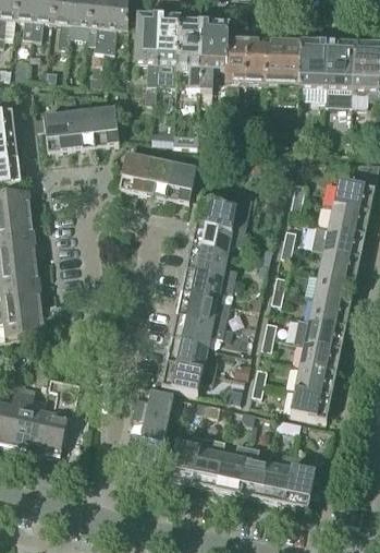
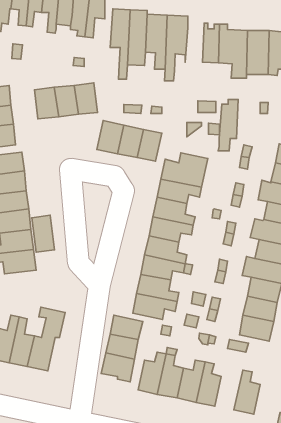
building: [223,34,247,96] -> [218,100,238,151]
building: none -> [32,215,55,252]
building: [260,450,294,502] -> none

